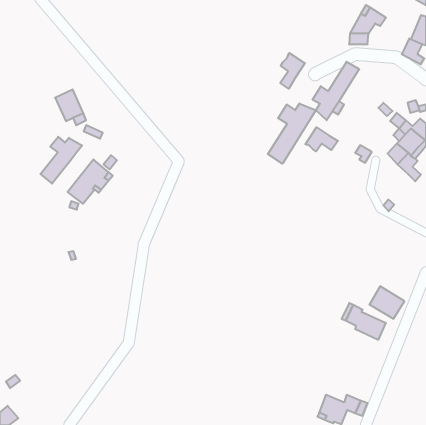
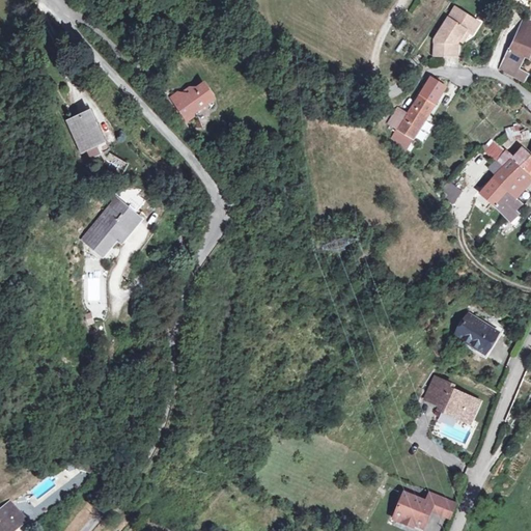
building: [280,53,305,89] -> none
building: none -> [170,82,212,118]
building: [268,103,316,164] -> none
building: [305,127,338,151] -> none
building: [40,137,82,184] -> none
building: [369,286,404,319] -> [455,312,499,353]

